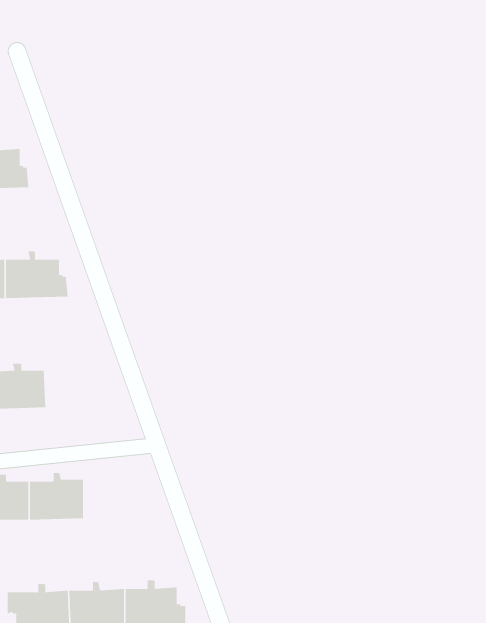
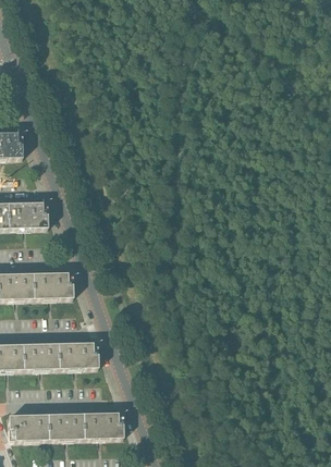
building: none -> [32,270,72,299]
building: none -> [57,340,97,370]

